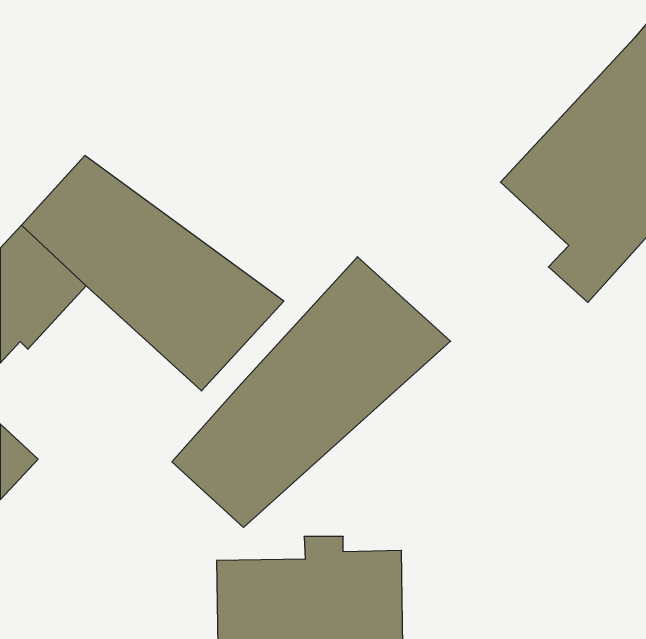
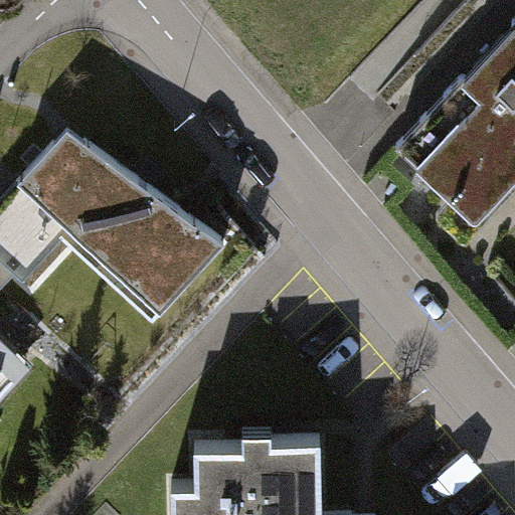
building: [172,257,451,527] -> none

